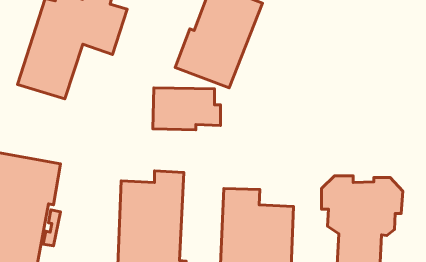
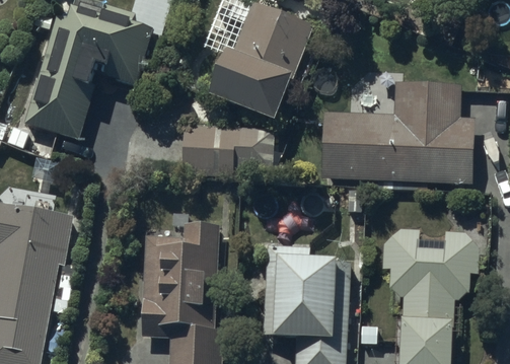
building: none -> [321,83,473,181]

